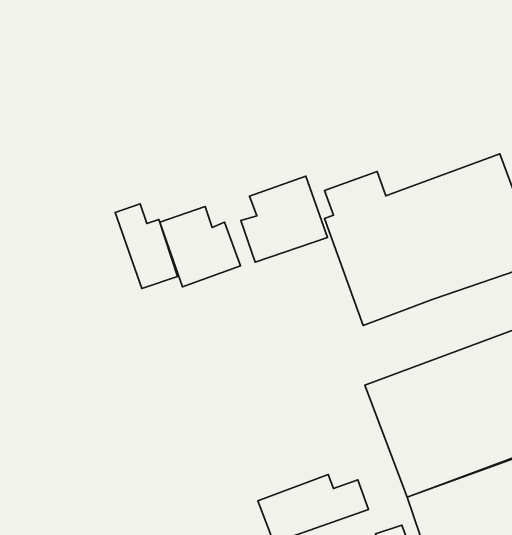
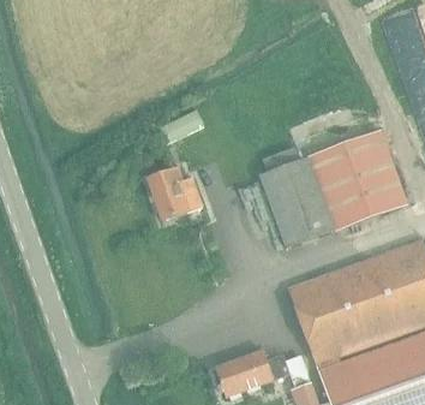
building: [241,176,327,262] -> none
building: [115,204,178,288] -> none

